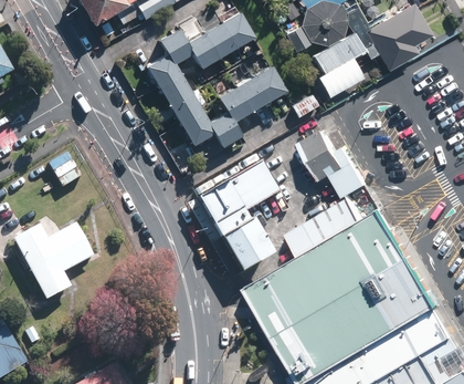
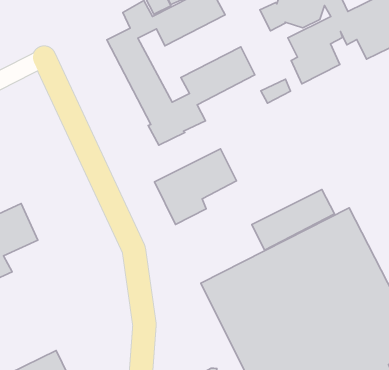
building: [300,131,367,197] -> none
building: [220,216,273,271] -> none

